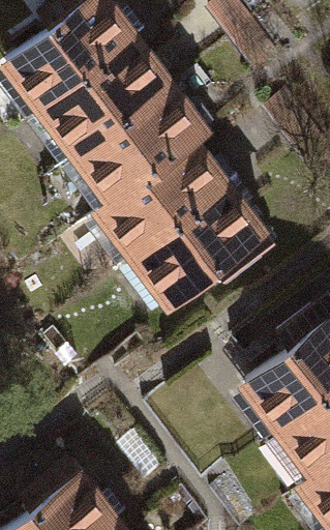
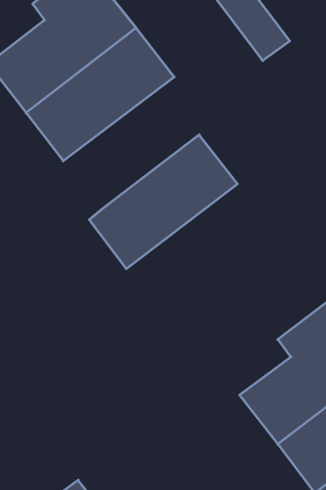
building: [70,88,211,214] -> none
building: [130,189,281,317] -> none

